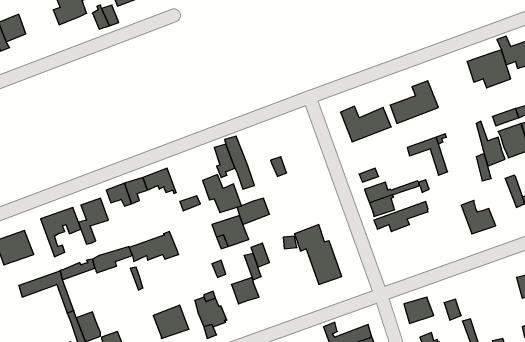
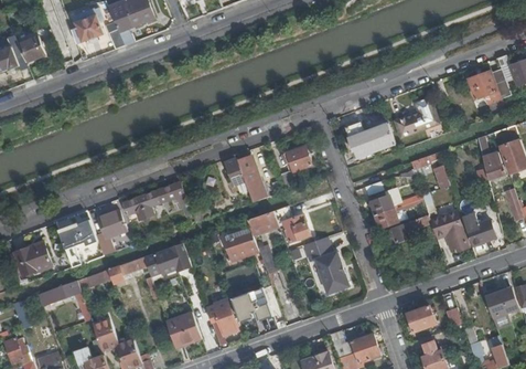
building: none -> [281,146,311,171]
building: [203,175,242,213] -> [272,205,310,242]
building: none -> [430,212,469,252]
building: none -> [484,288,517,316]

